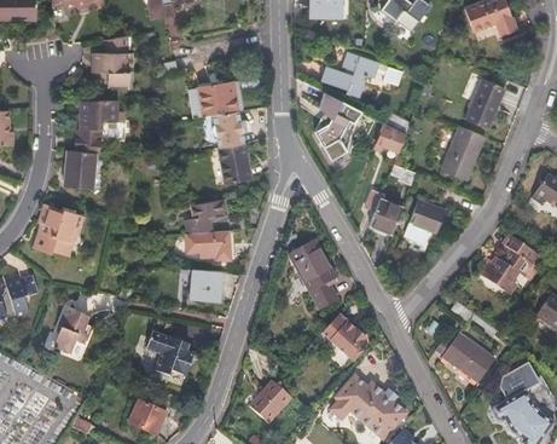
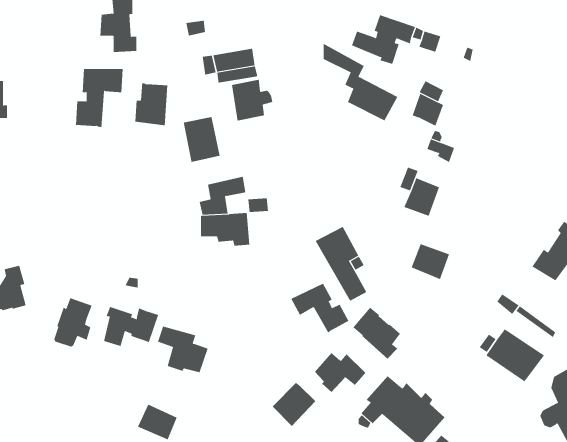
building: [465,80,505,129] -> none
building: [441,126,485,180] -> none
building: [217,143,251,184] -> [183,117,220,162]
building: [63,150,93,189] -> [135,83,168,126]
building: [410,200,445,232] -> [411,243,450,280]
building: [34,207,83,255] -> none
building: [188,269,222,301] -> none
building: none -> [290,283,349,334]
building: none -> [104,306,159,347]
building: none -> [314,352,366,393]

